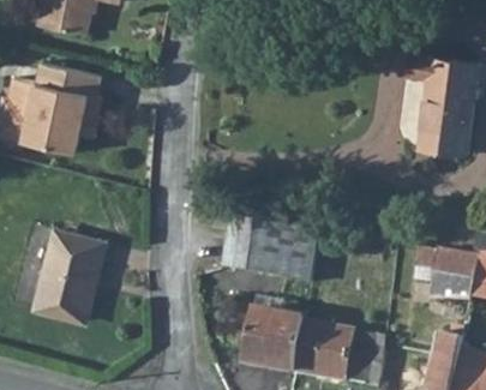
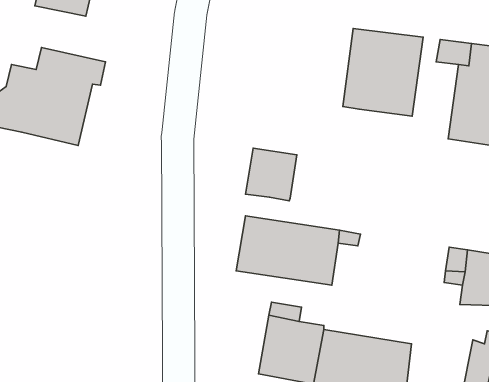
building: none -> [343,28,423,116]
building: none -> [245,148,297,201]
building: [35,229,103,319] -> none

